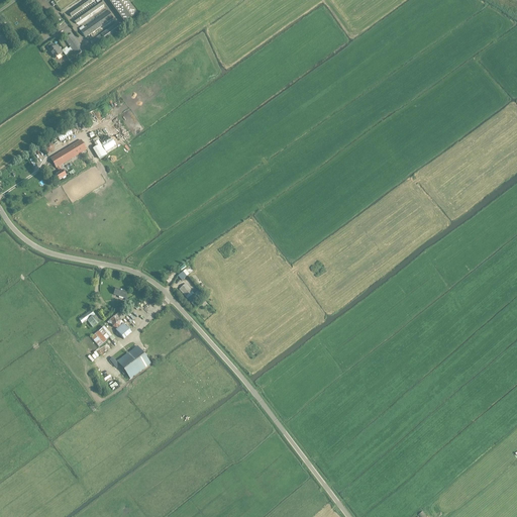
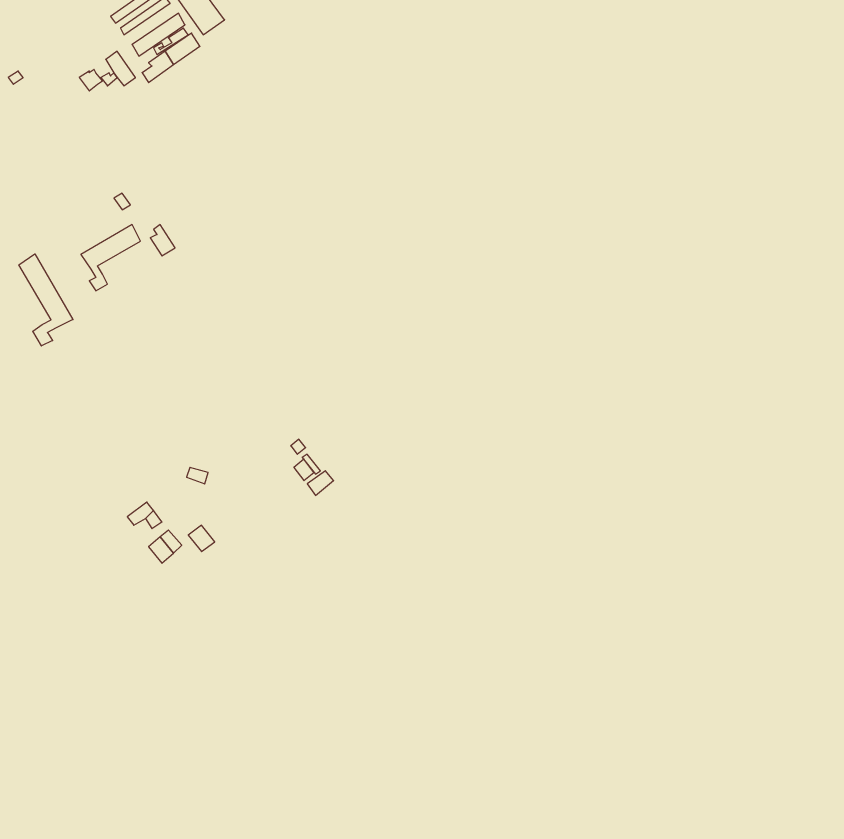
building: none -> [19,254,73,346]
building: [116,343,150,377] -> none

